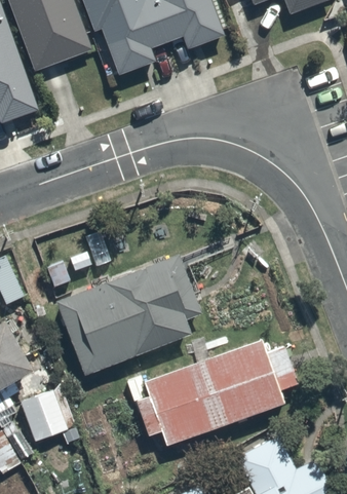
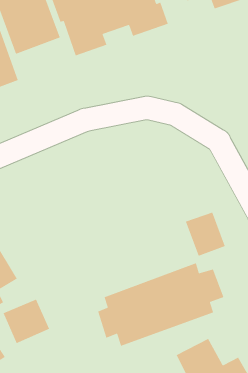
building: [59,254,205,375] -> none
building: none -> [185,211,226,257]

